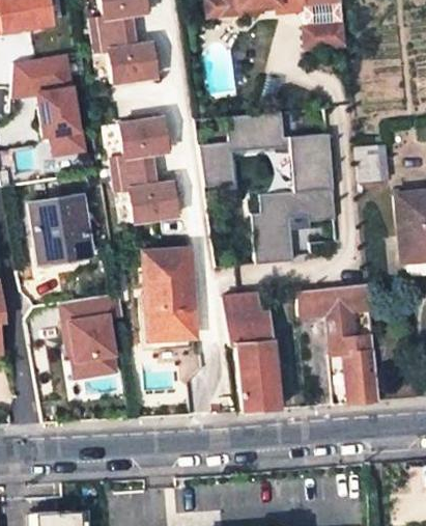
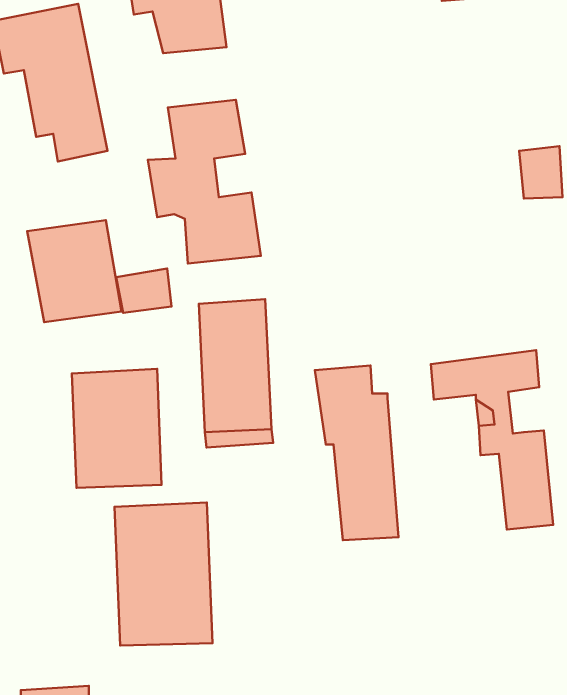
building: [198,112,332,260] -> none
building: none -> [116,268,171,313]
building: none -> [115,503,212,645]

